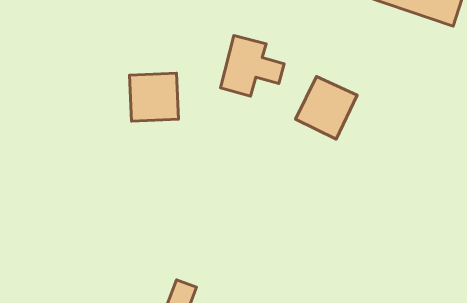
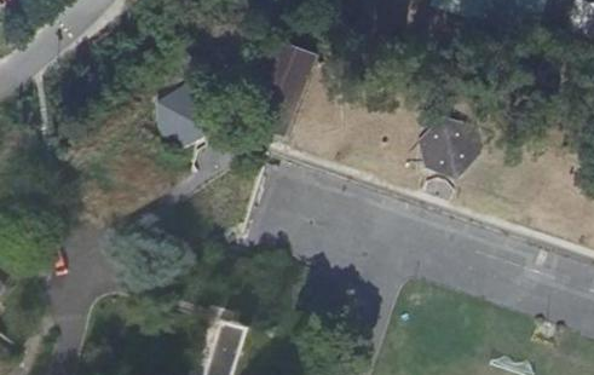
building: [295,77,357,139] -> [416,112,488,185]

